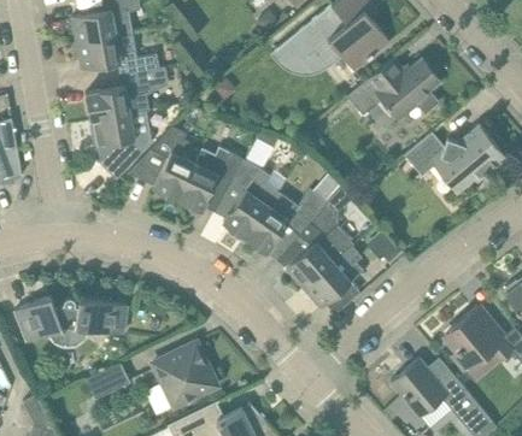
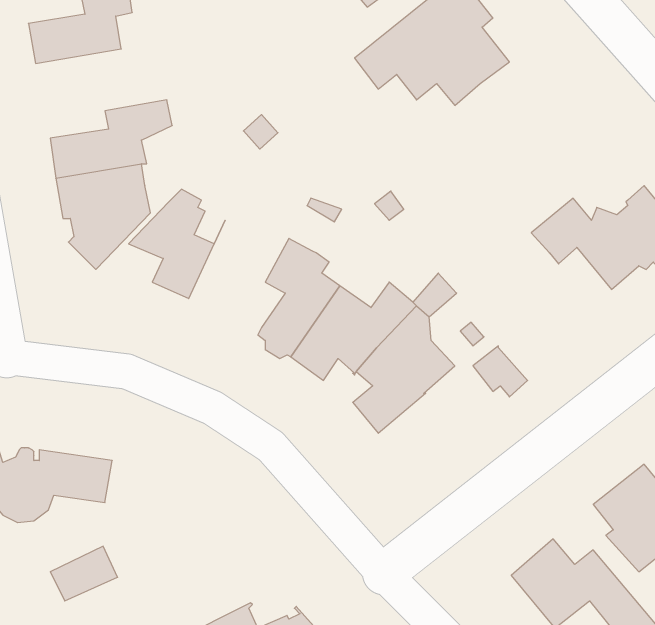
building: [76,34,163,75] -> none
building: [346,58,440,117] -> none
building: [177,146,244,211] -> none
building: [303,261,364,308] -> none
building: [152,342,217,406] -> none

